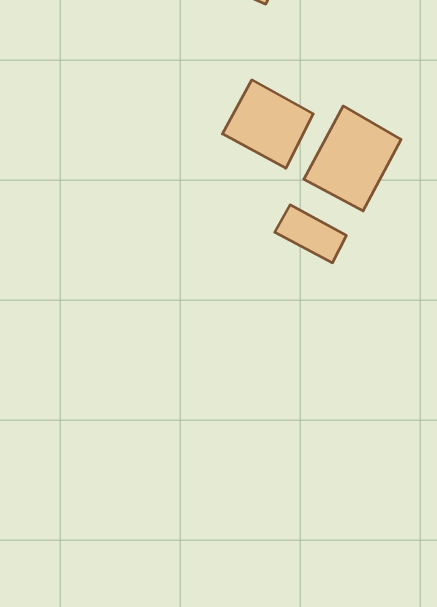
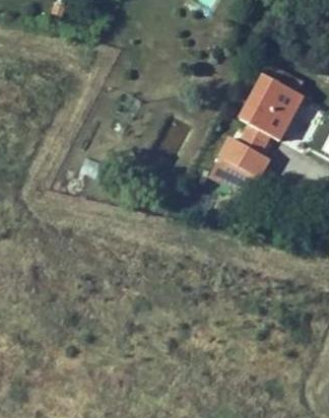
building: [222,80,313,168] -> none

